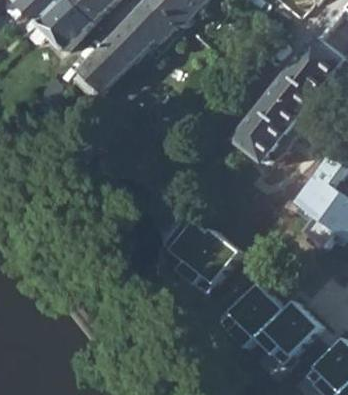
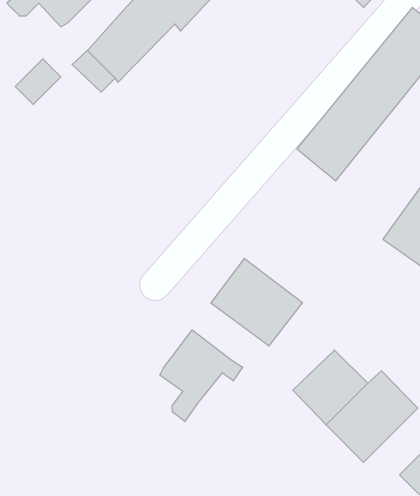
building: none -> [160,330,243,422]

